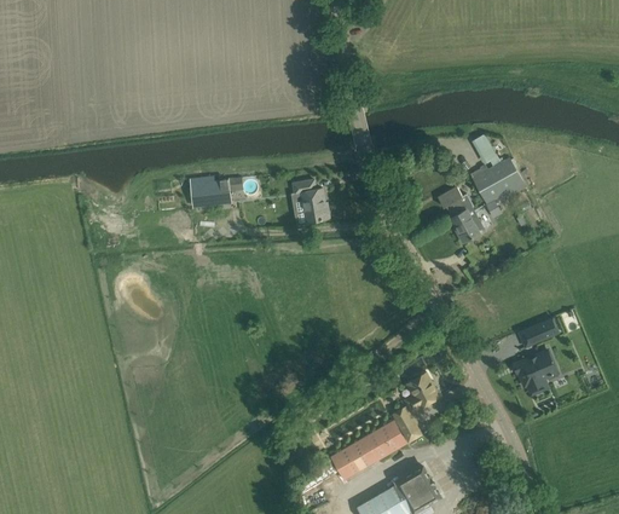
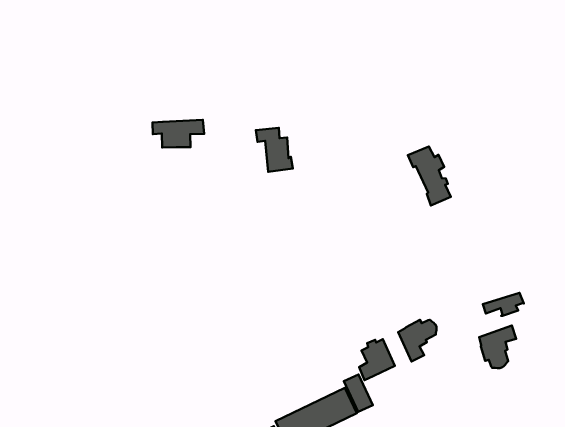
building: [469,134,523,203] -> none
building: none -> [398,320,437,362]

